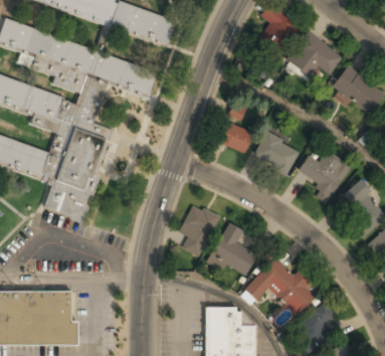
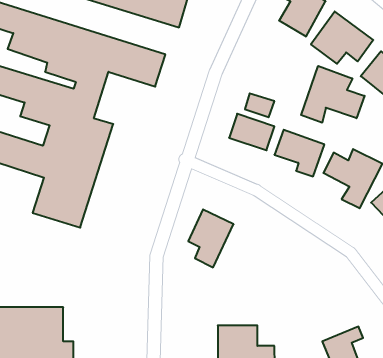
building: none -> [301,66,365,123]
building: [208,223,257,276] -> none
building: [245,258,318,315] -> none

